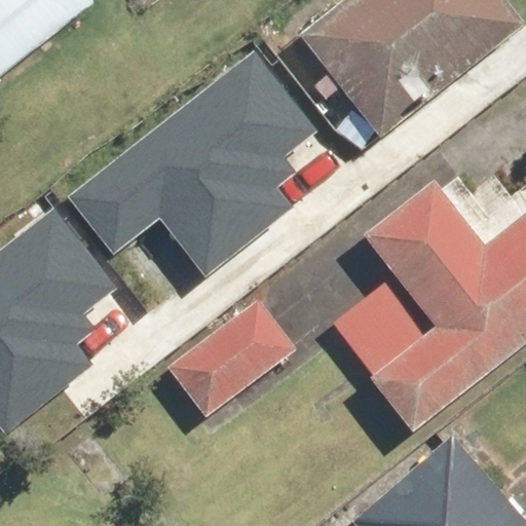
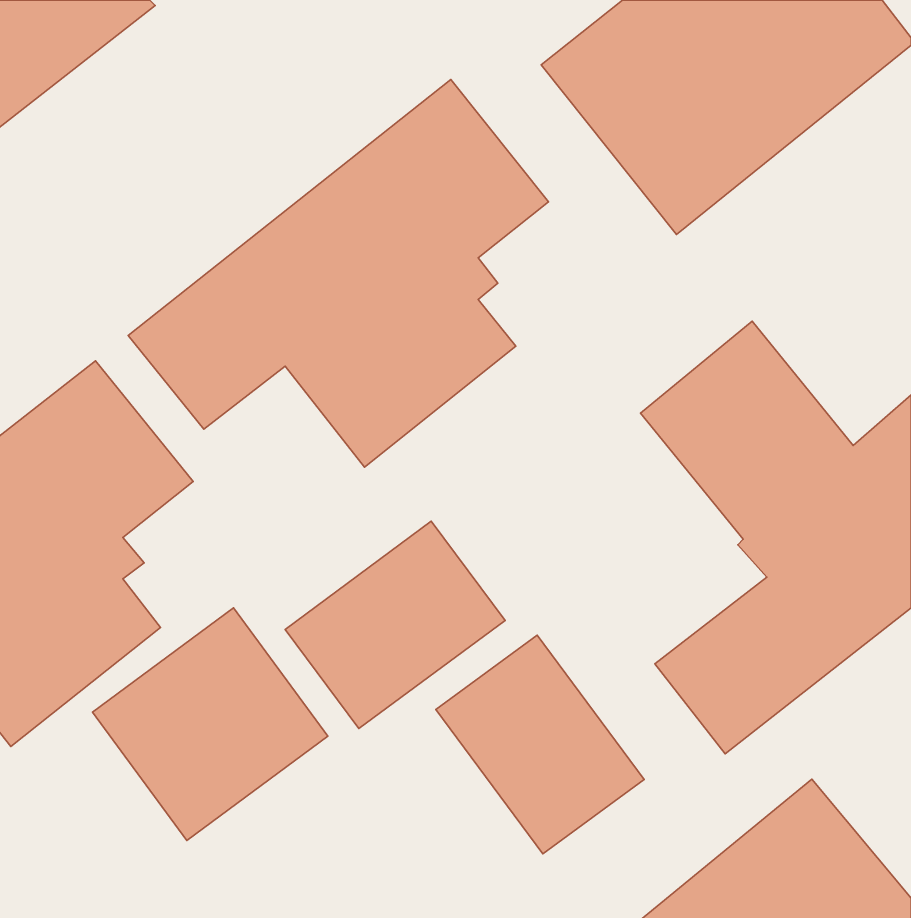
building: none -> [92,608,328,840]
building: none -> [436,635,644,854]

